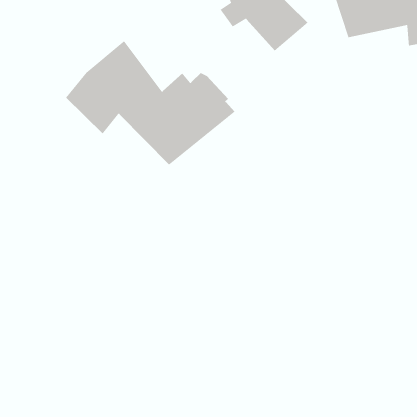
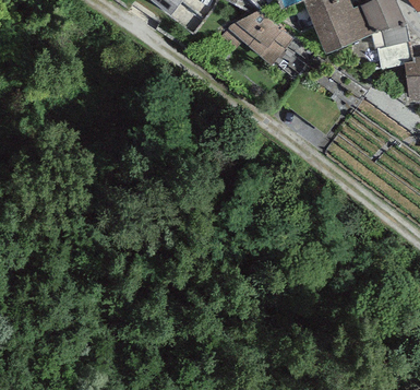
building: [65,40,236,165] -> none

